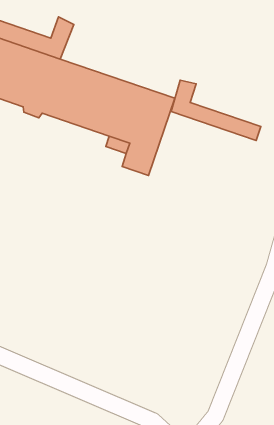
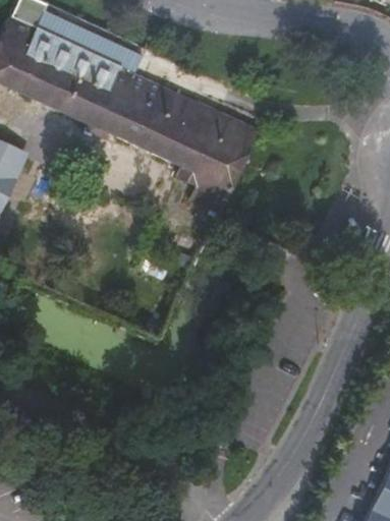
building: [171,80,261,141] -> none

